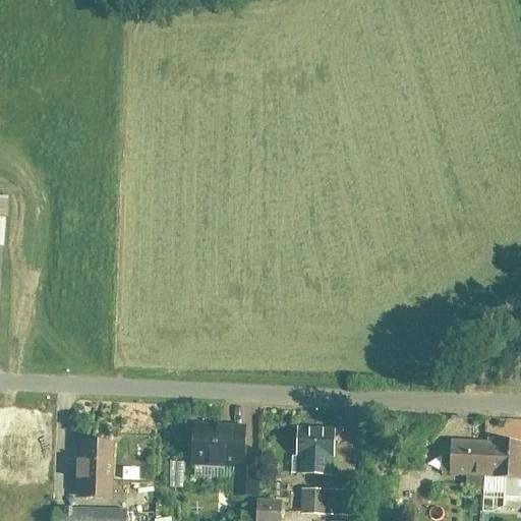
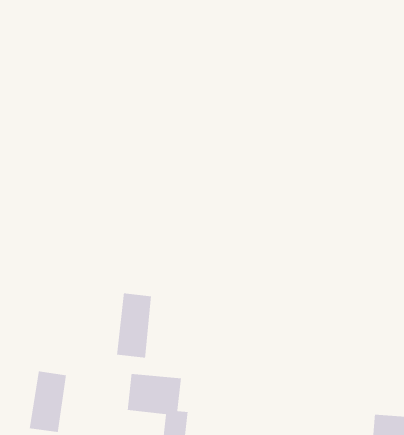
building: none -> [116,293,152,359]
building: [292,426,342,464] -> none

